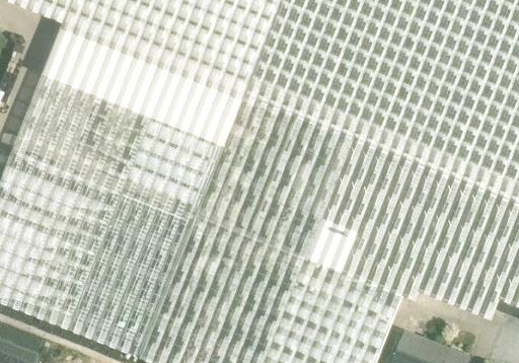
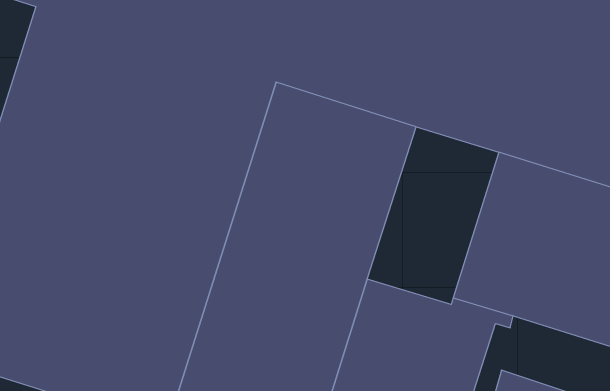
building: [305,138,415,278] -> none

